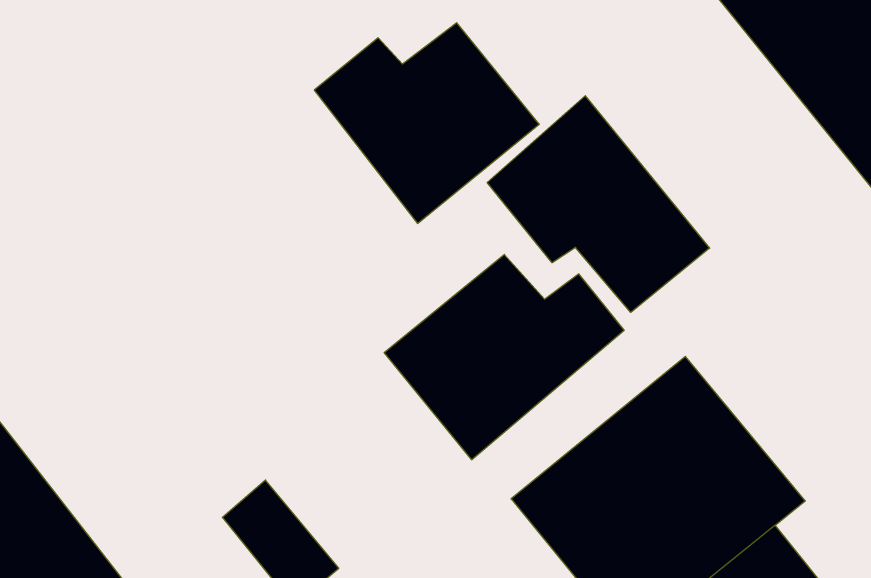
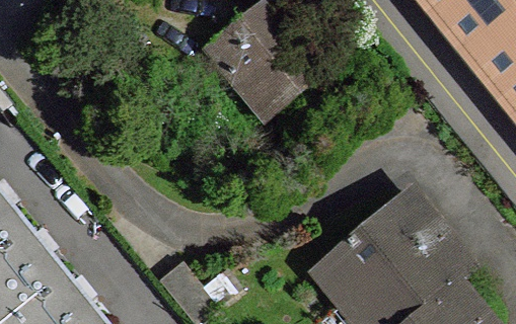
building: [487,96,710,312] -> none
building: [384,254,624,460] -> none

